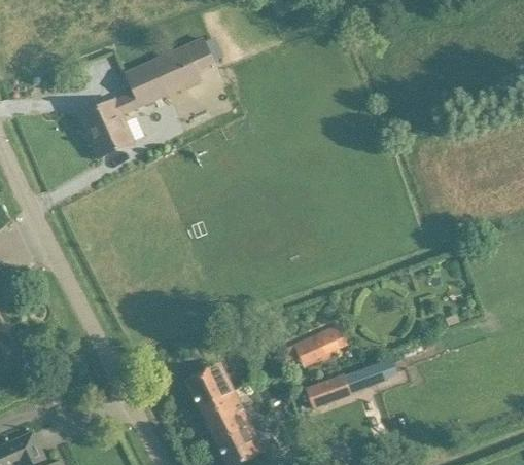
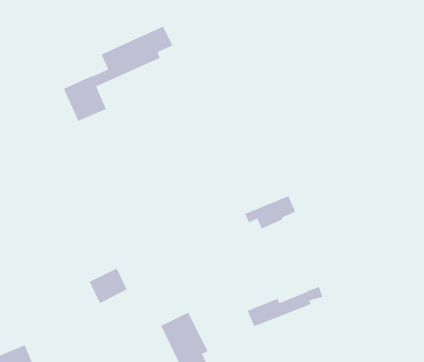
building: [282,325,346,367] -> [244,195,296,229]
building: [185,362,234,407] -> [89,267,128,304]

